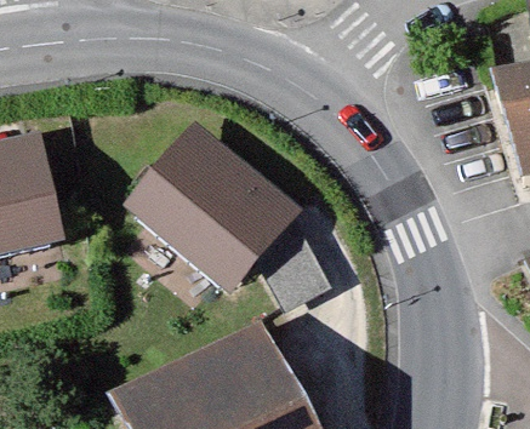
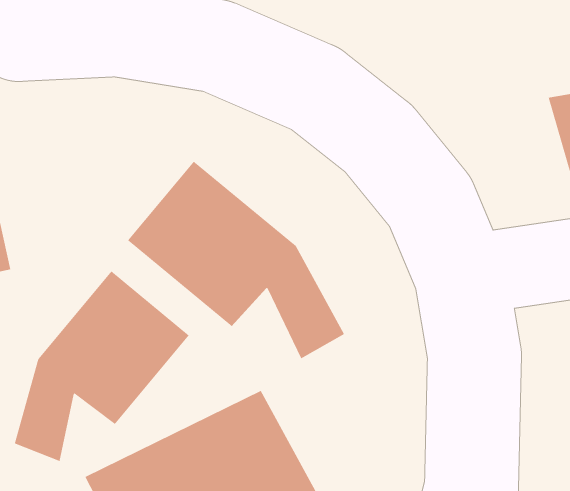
building: none -> [14,271,190,462]

